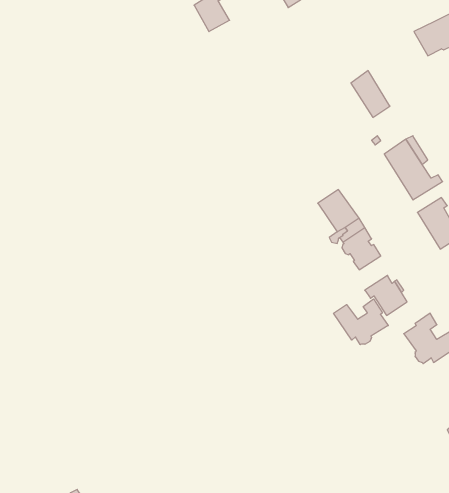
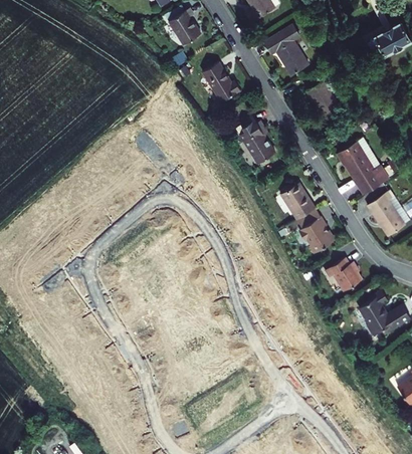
building: none -> [264,23,310,74]
building: none -> [203,60,240,100]
building: none -> [233,116,274,163]
building: [334,299,388,345] -> none

